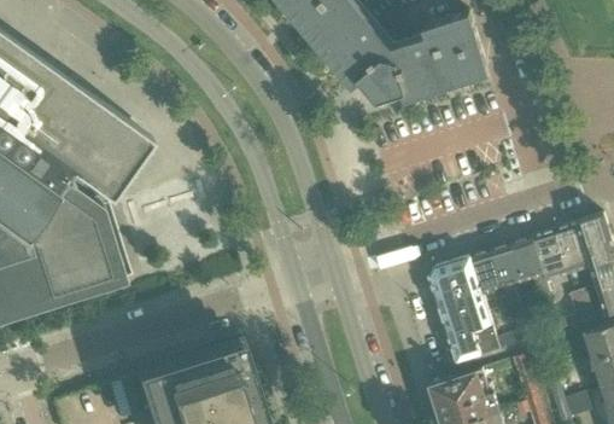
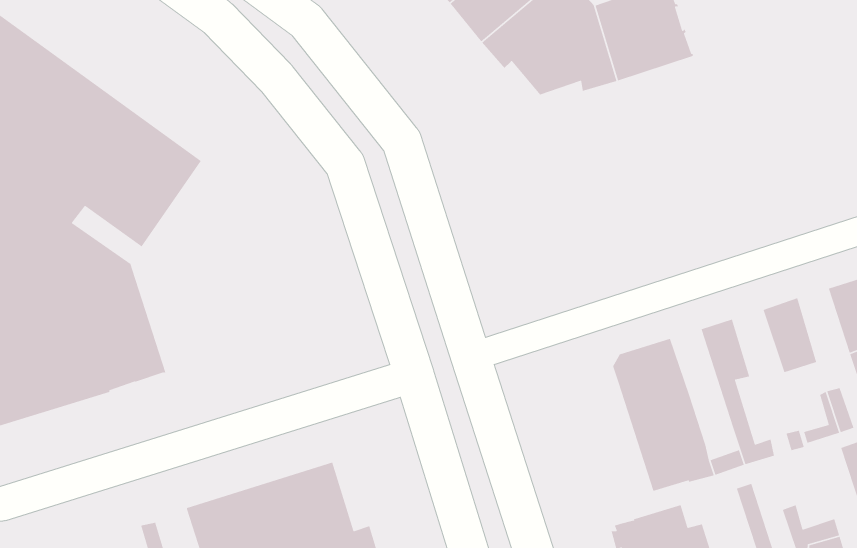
building: [555,228,590,279] -> none
building: [510,243,551,309] -> none
building: [468,256,510,327] -> none

